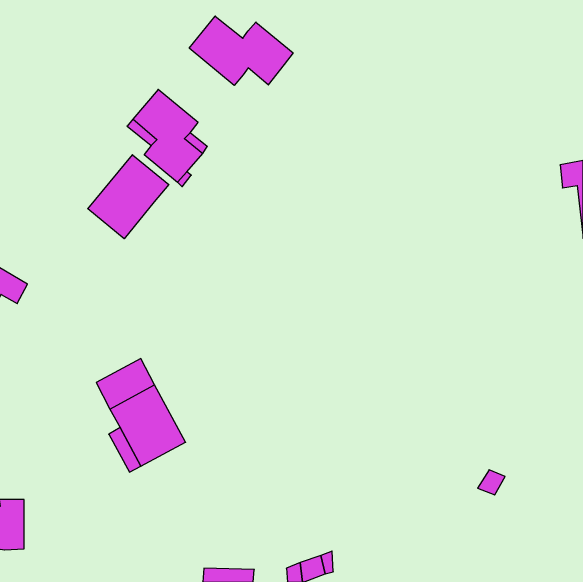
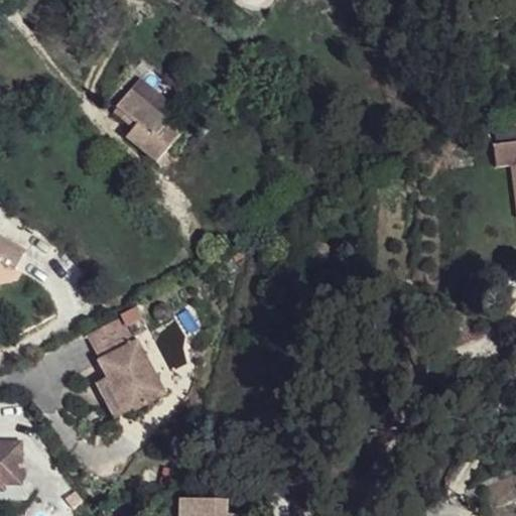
building: [189,16,293,85] -> none
building: [88,155,169,239] -> none

